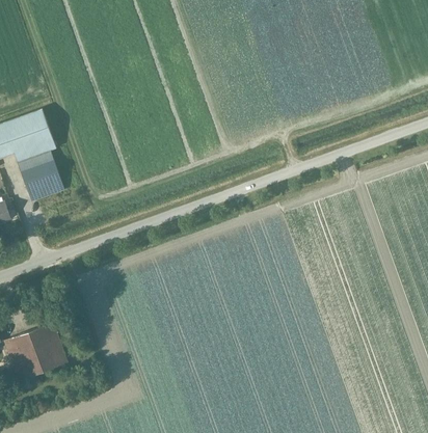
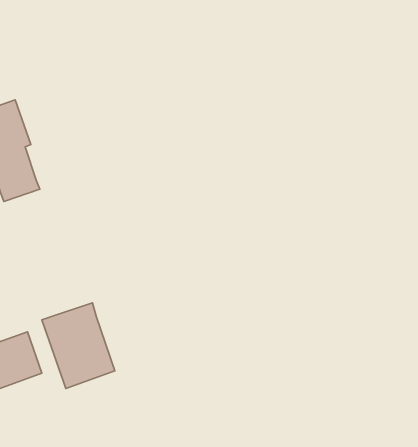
building: none -> [42,303,115,388]

